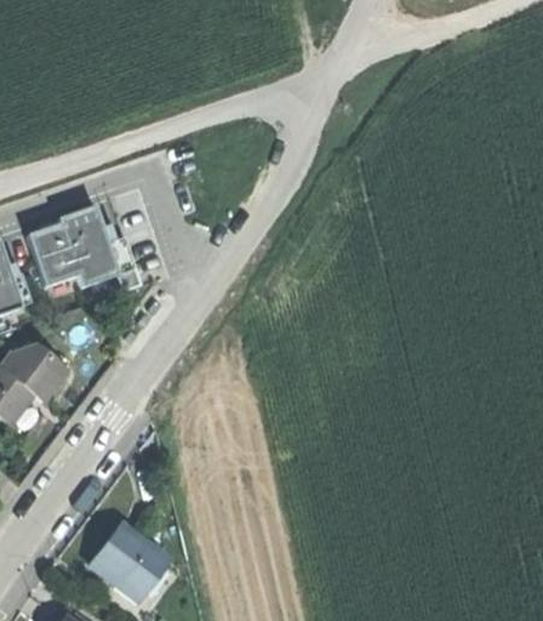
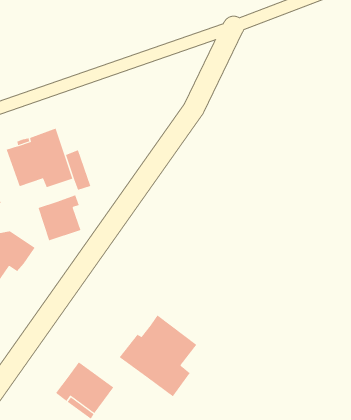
building: none -> [38,195,81,241]
building: none -> [119,314,197,397]

